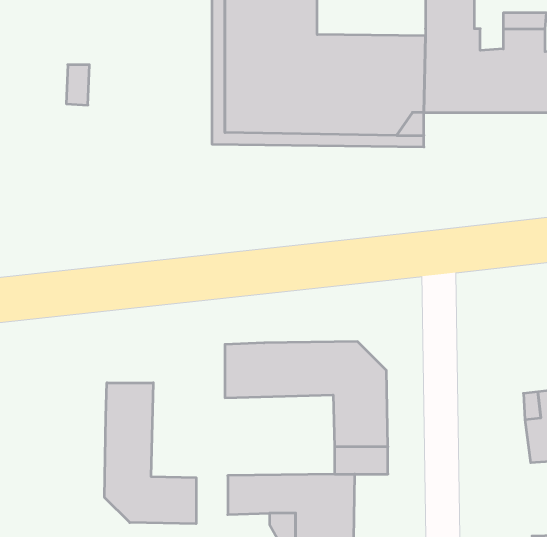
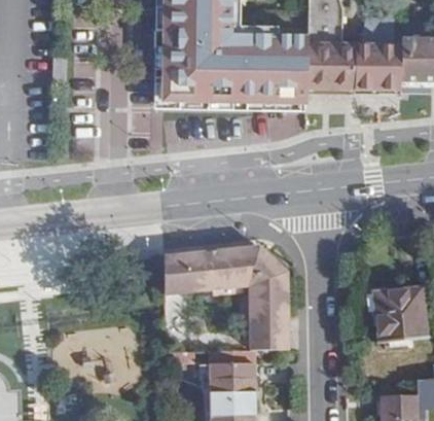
building: [105,383,196,524] -> none

